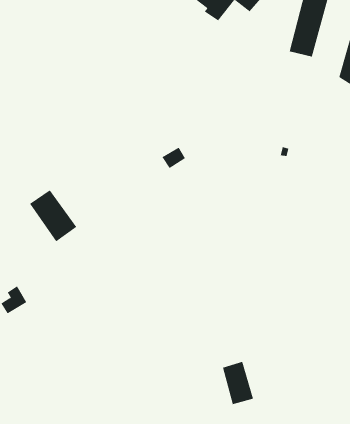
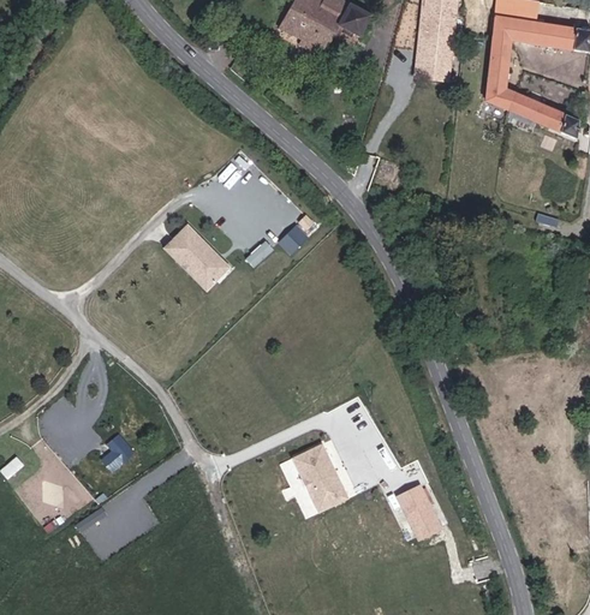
building: [29,189,77,242] -> [163,225,230,291]
building: none -> [291,443,346,513]

